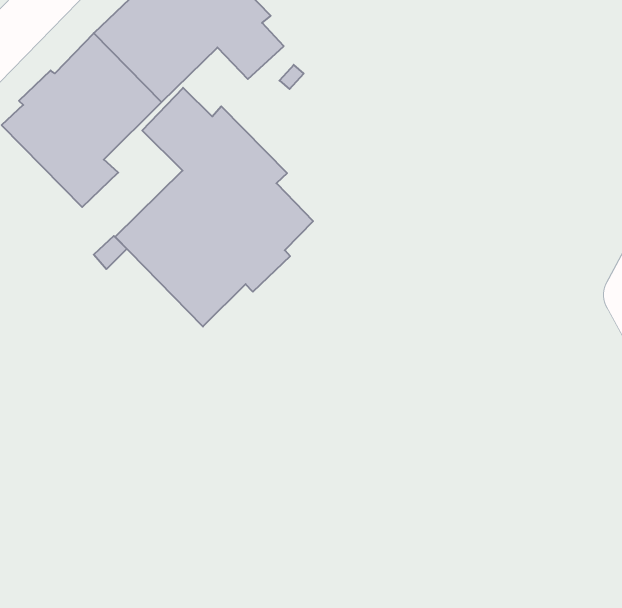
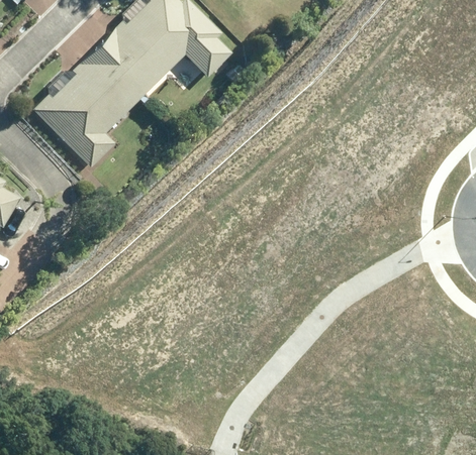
building: [115,88,313,327] -> none

